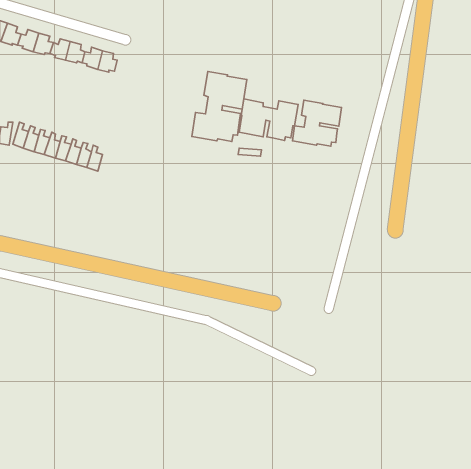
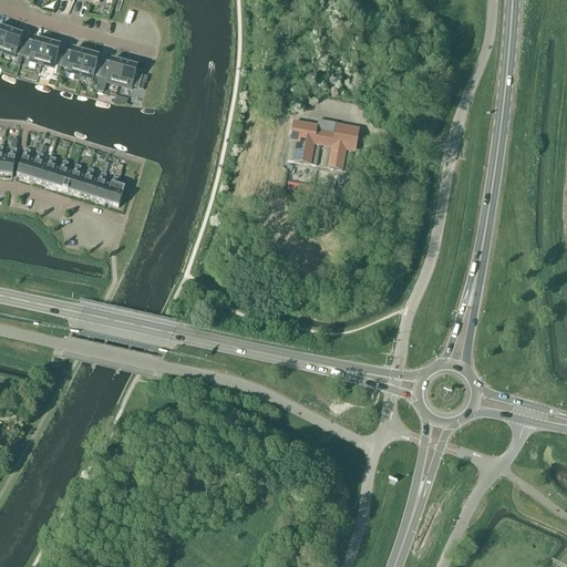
building: [192,71,247,142] -> none
building: [292,100,341,146] -> none

